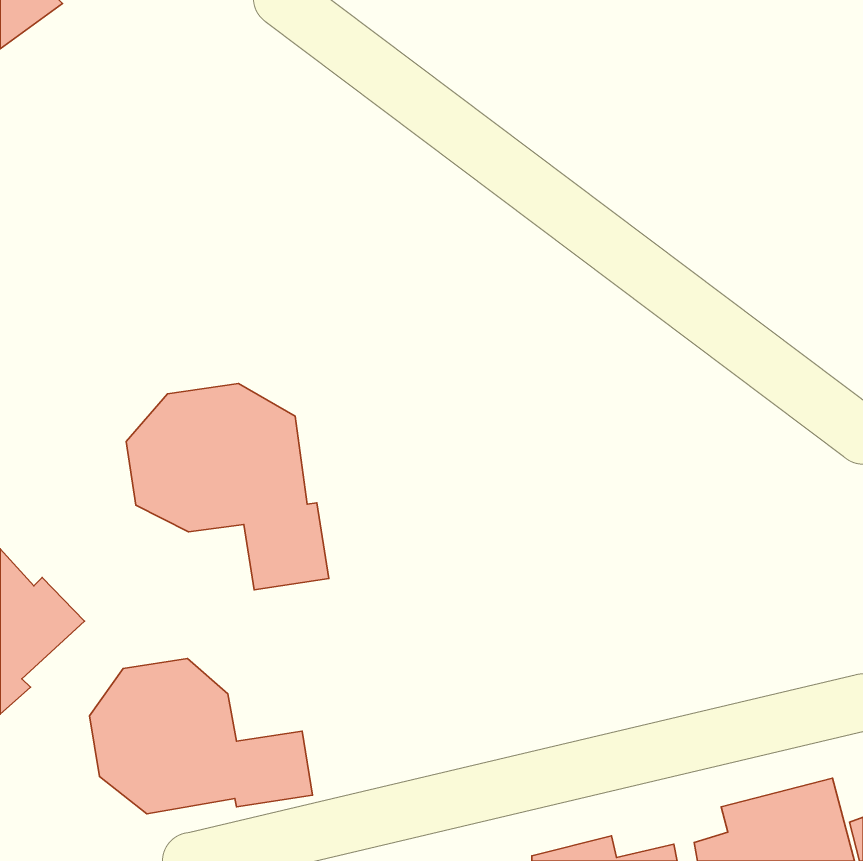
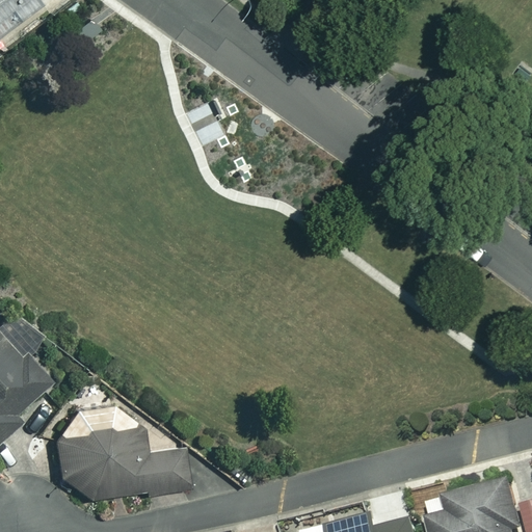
building: [126,384,329,590] -> none

